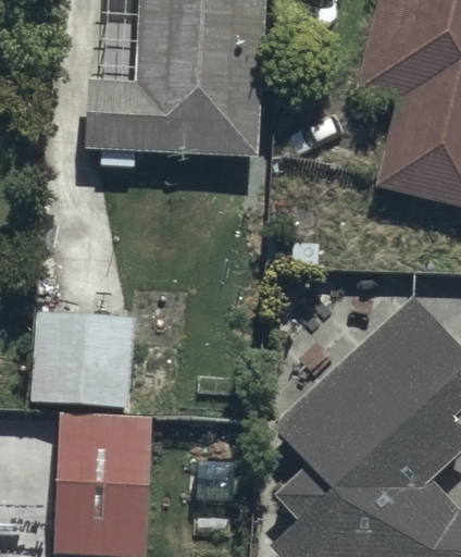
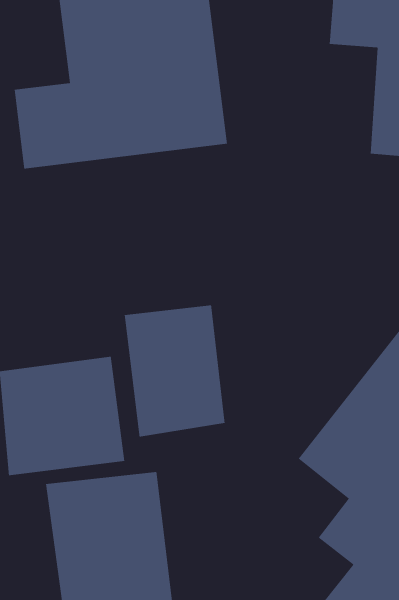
building: none -> [124,305,225,438]

